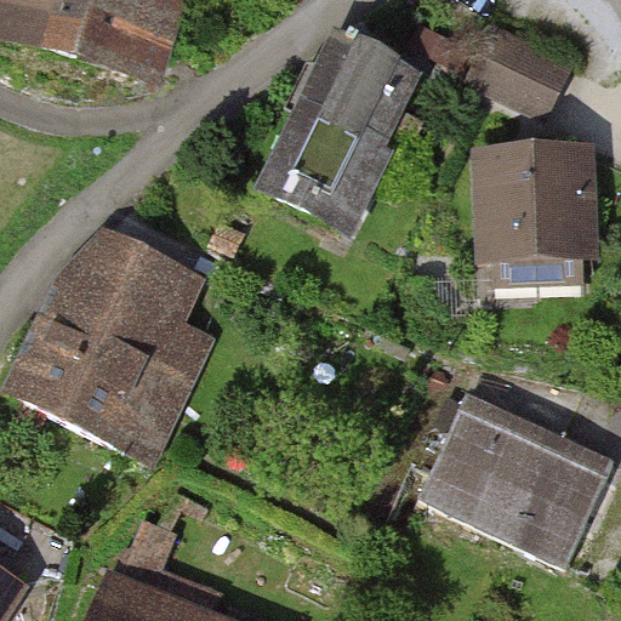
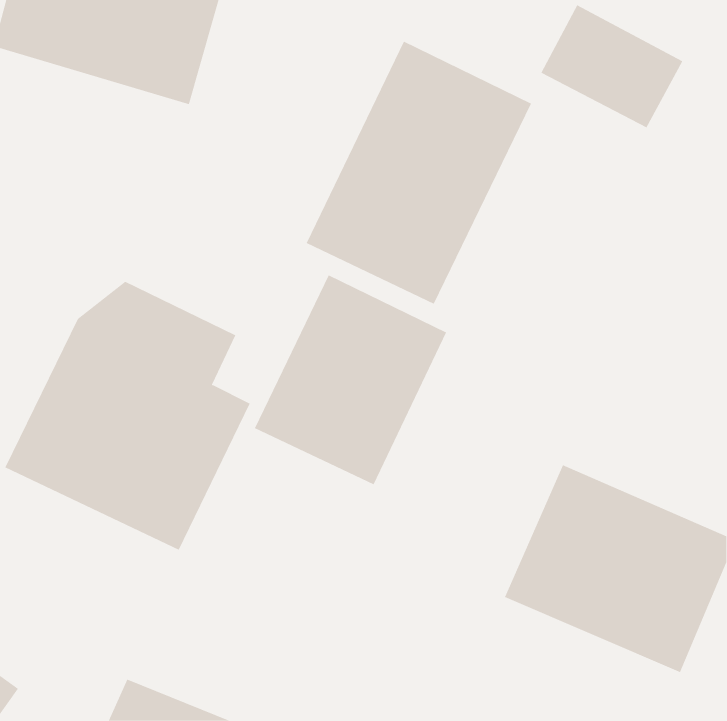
building: [468,141,600,279] -> none
building: none -> [254,275,447,485]

